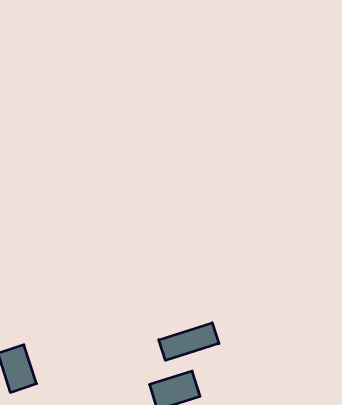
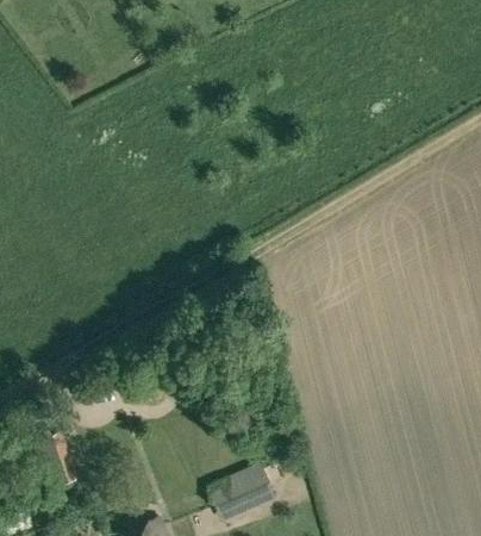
building: [159,323,219,360] -> none

